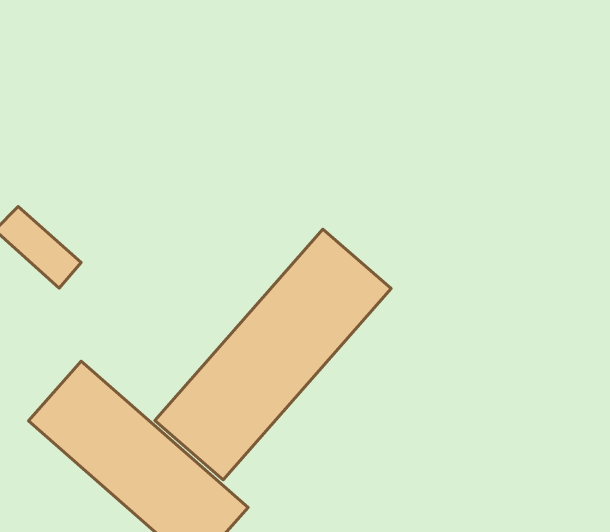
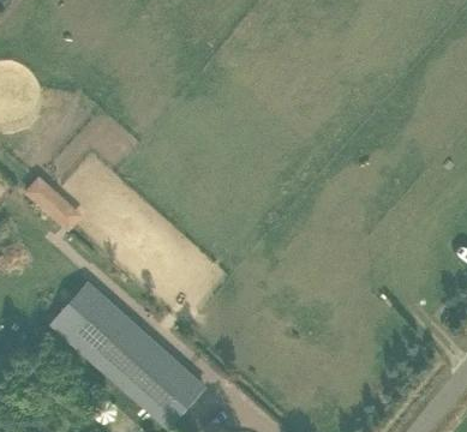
building: [155,229,391,480] -> none

